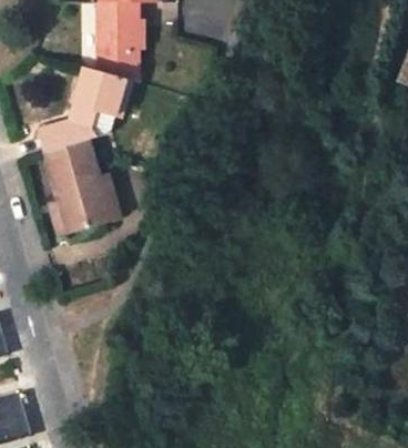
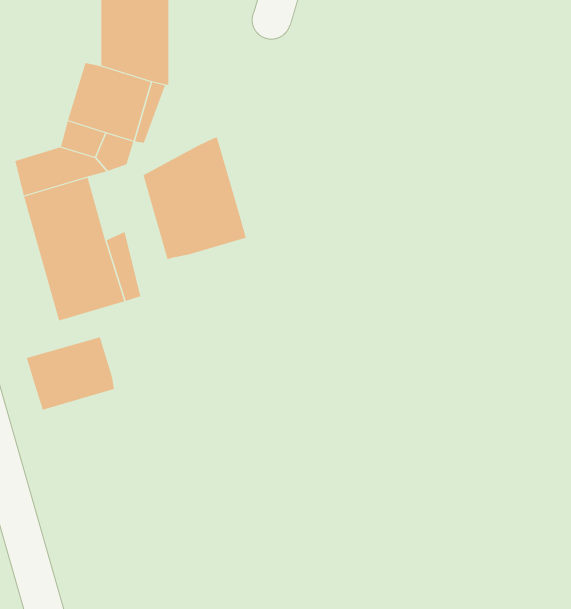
building: none -> [143,137,247,260]
building: none -> [26,337,115,410]

